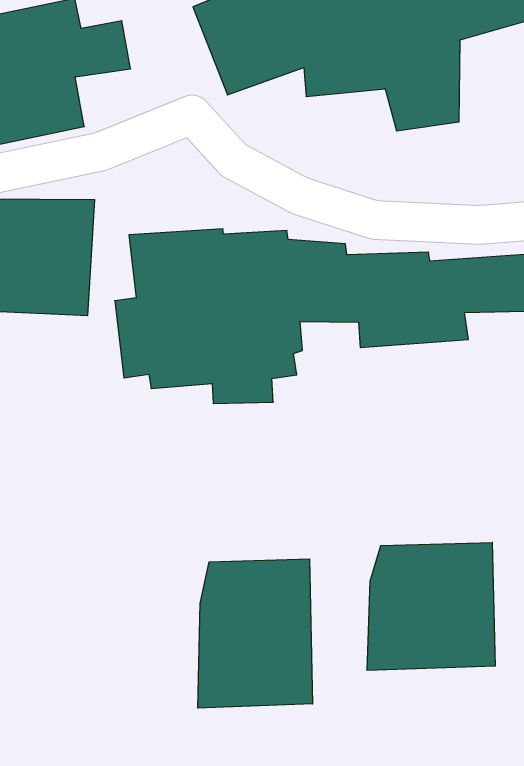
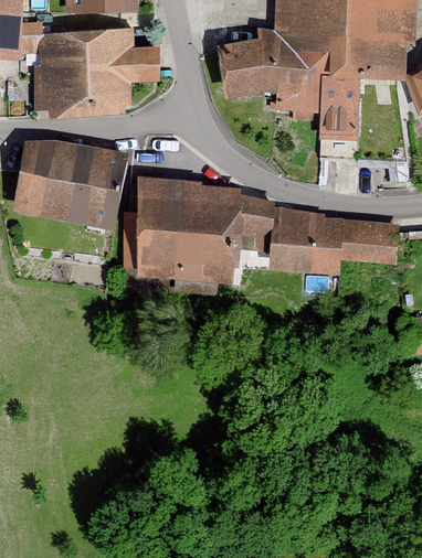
building: [367,542,495,670] -> none
building: [198,559,313,708] -> none

